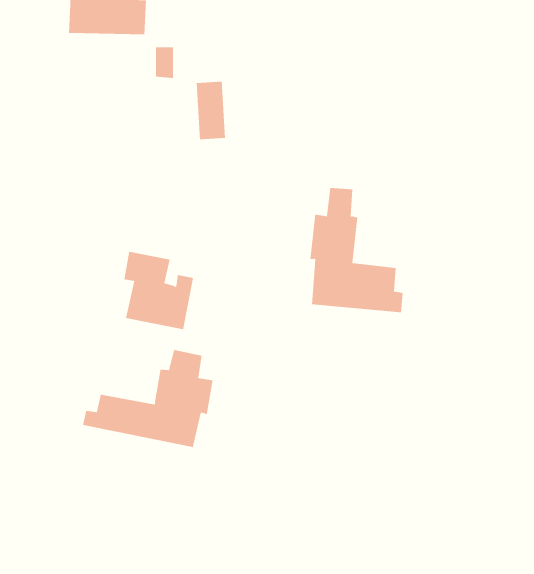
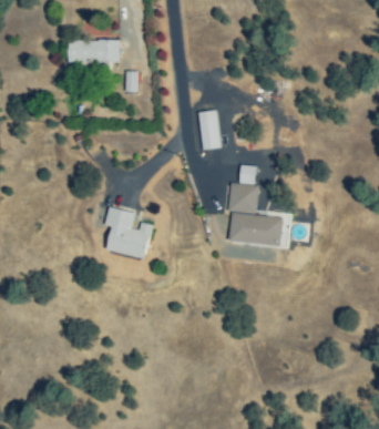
building: [196,81,226,140] -> [199,110,219,149]
building: [83,349,213,448] -> none

